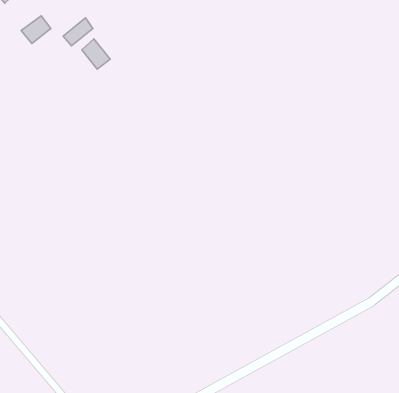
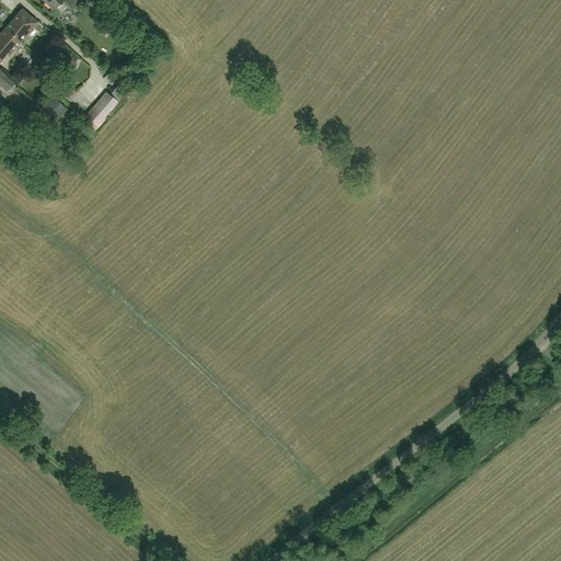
building: [82,39,110,69] -> none

